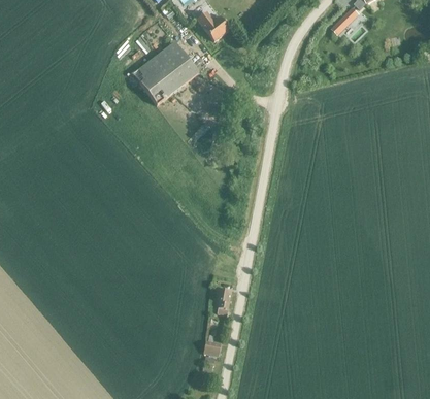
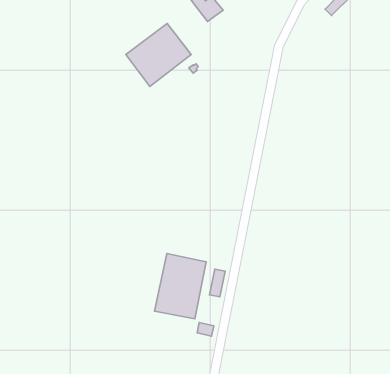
building: none -> [155,254,206,319]

